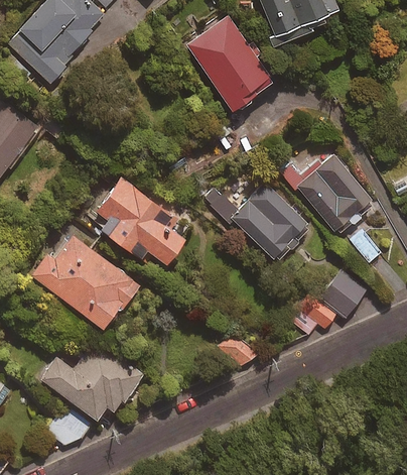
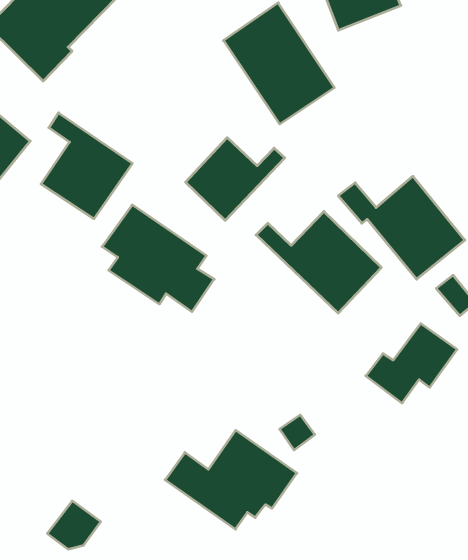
building: none -> [41,113,132,219]
building: none -> [186,138,285,220]
building: [34,236,140,322] -> none
building: [43,338,145,414] -> [165,430,297,529]

